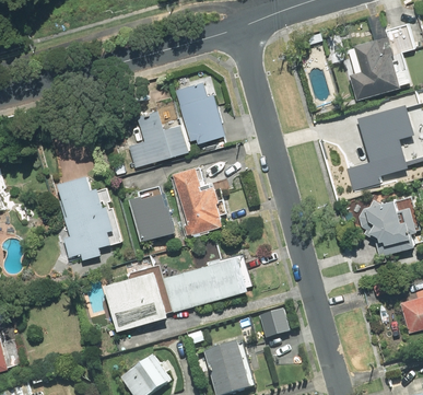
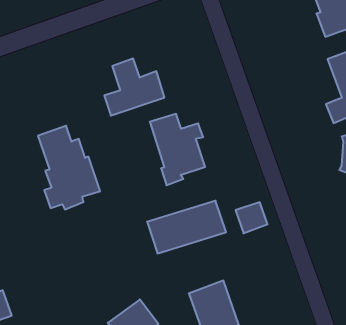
building: [175,82,224,143] -> none
building: [130,194,178,240] -> none
building: [105,269,171,330] -> none
building: [256,310,287,340] -> [236,202,268,233]

